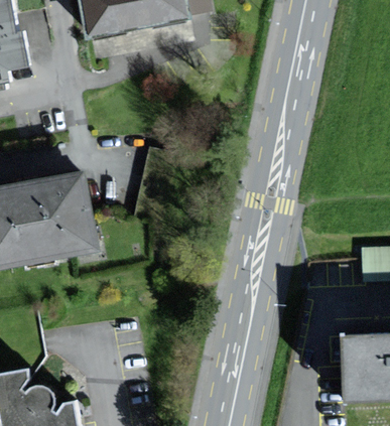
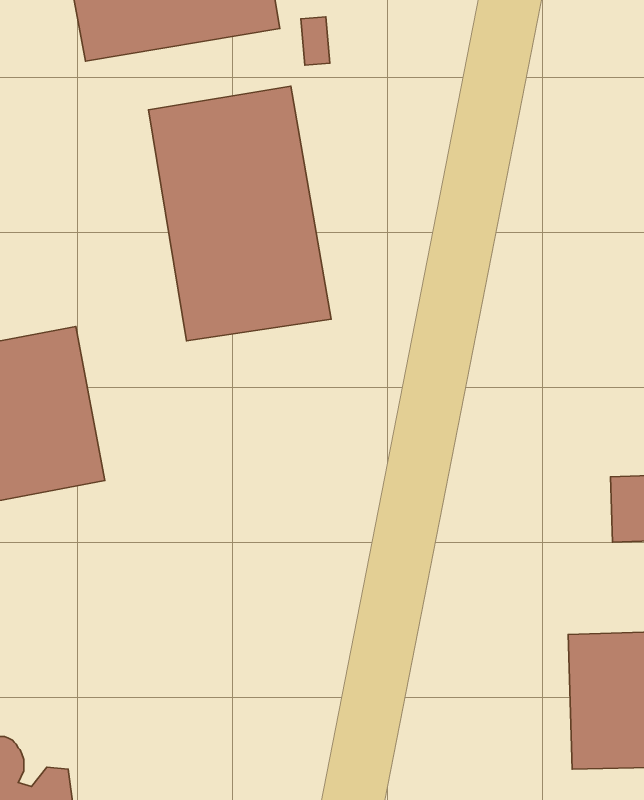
building: none -> [149,86,331,341]

